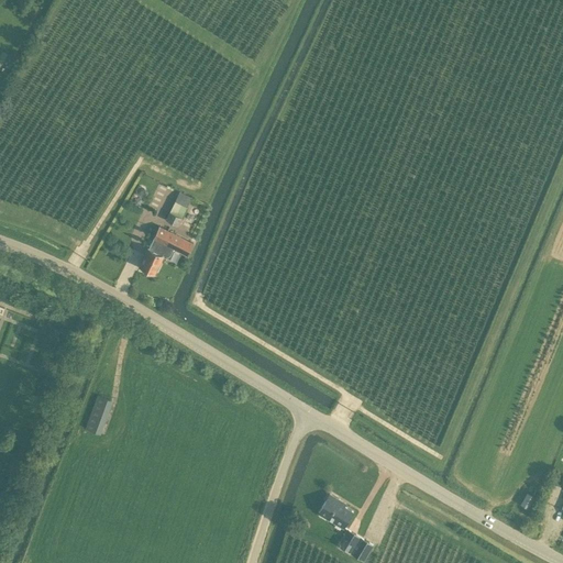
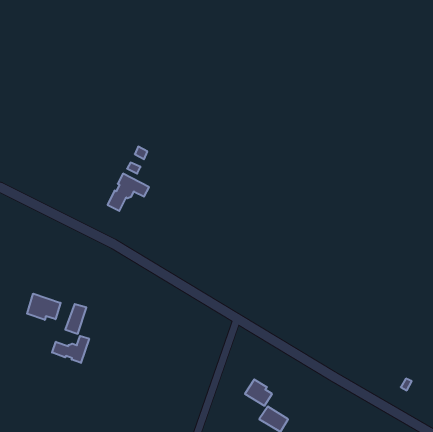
building: none -> [27,294,61,320]
building: none -> [52,336,89,363]

